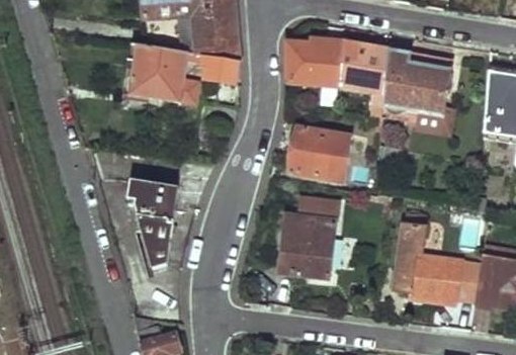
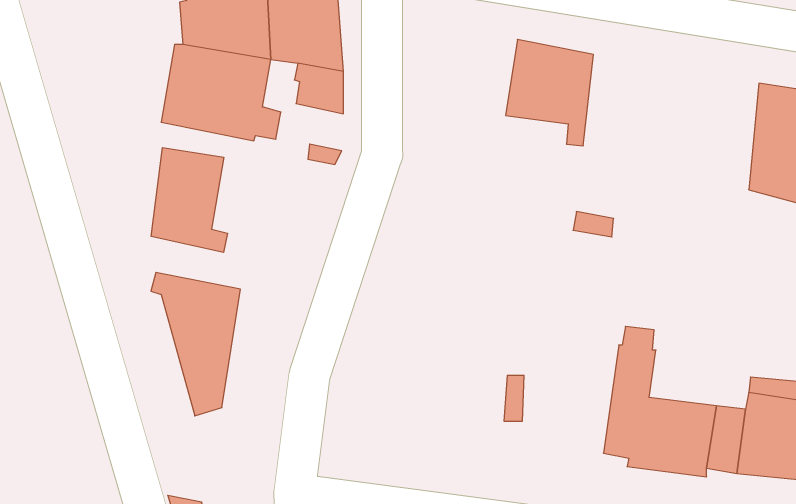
building: [287,36,343,86] -> none
building: [382,50,449,113] -> none
building: none -> [151,148,227,252]
building: [288,125,349,182] -> none
building: [279,197,339,277] -> none

